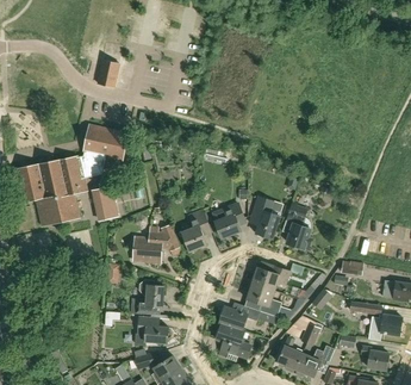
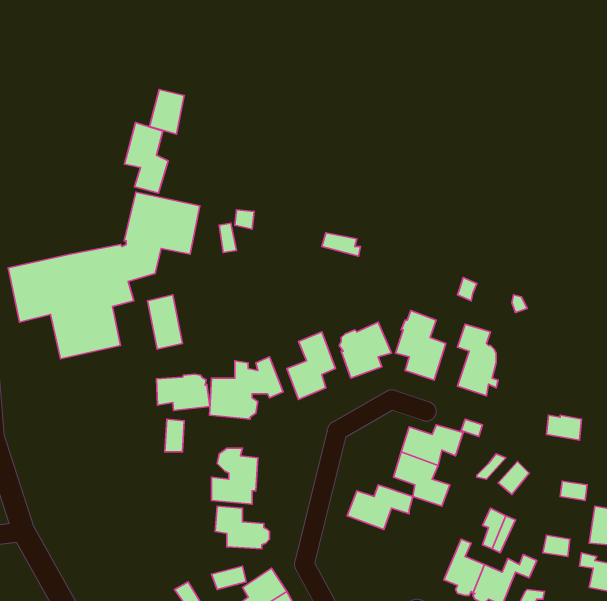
building: none -> [125,122,168,193]
building: none -> [157,374,210,411]
building: [213,323,250,358] -> none

